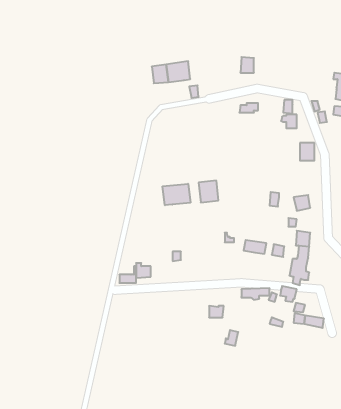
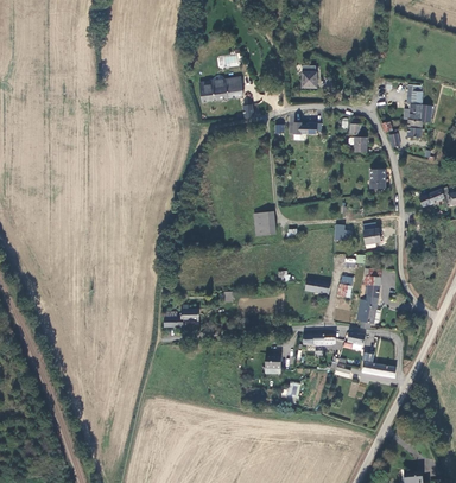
building: [163,184,190,205] -> none

